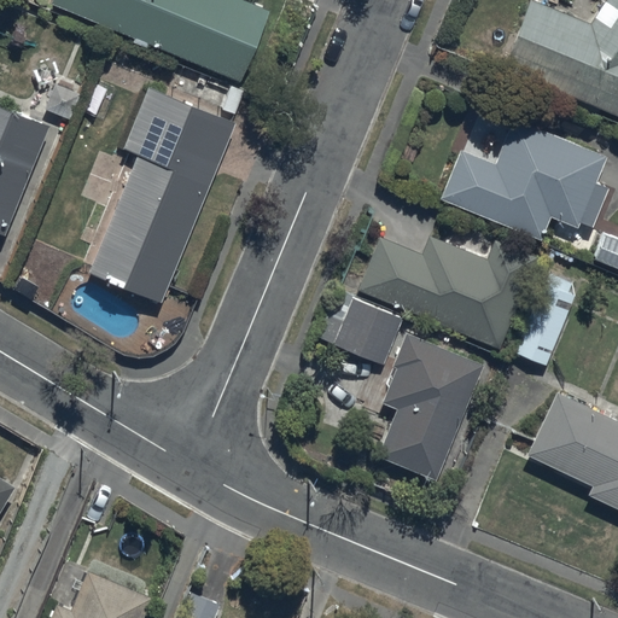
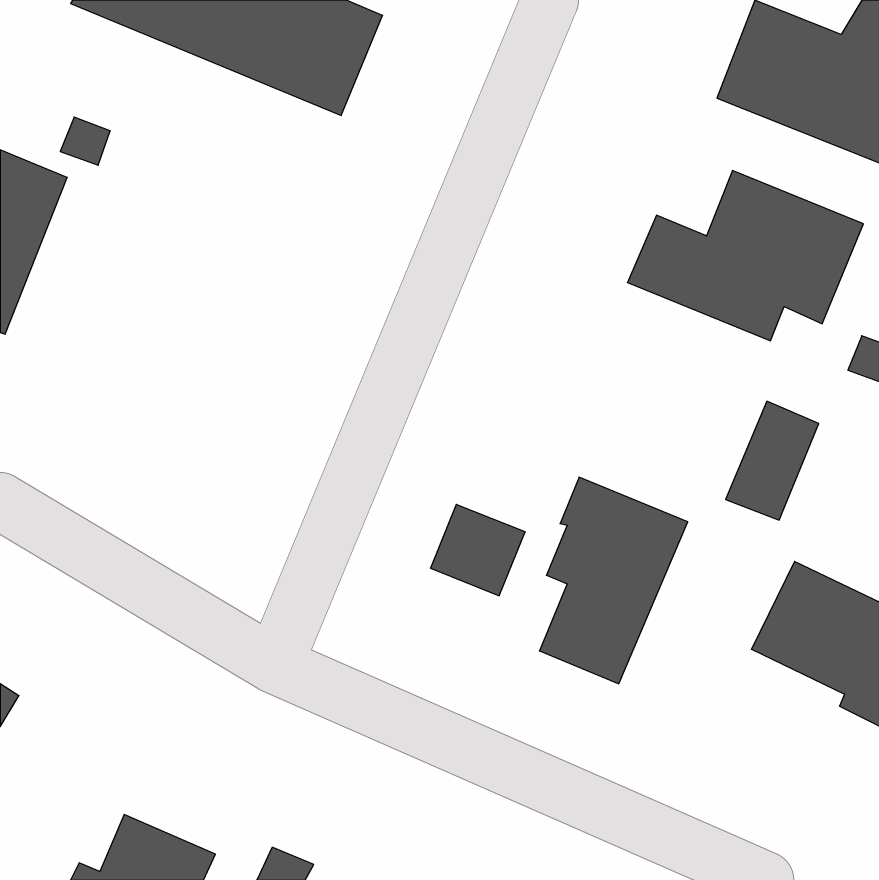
building: [89,87,235,302] -> none
building: [358,237,536,348] -> none
building: [336,299,402,363] -> [430,504,525,596]

